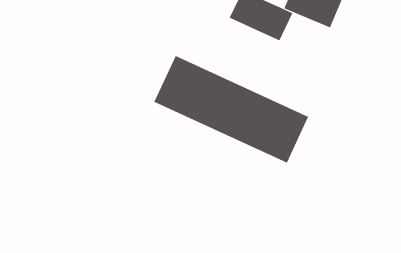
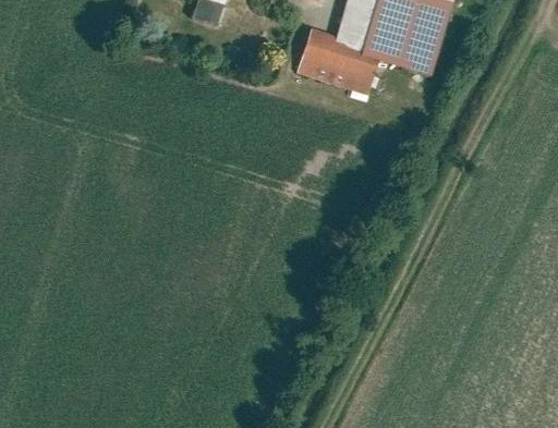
building: [154,55,309,163] -> none

